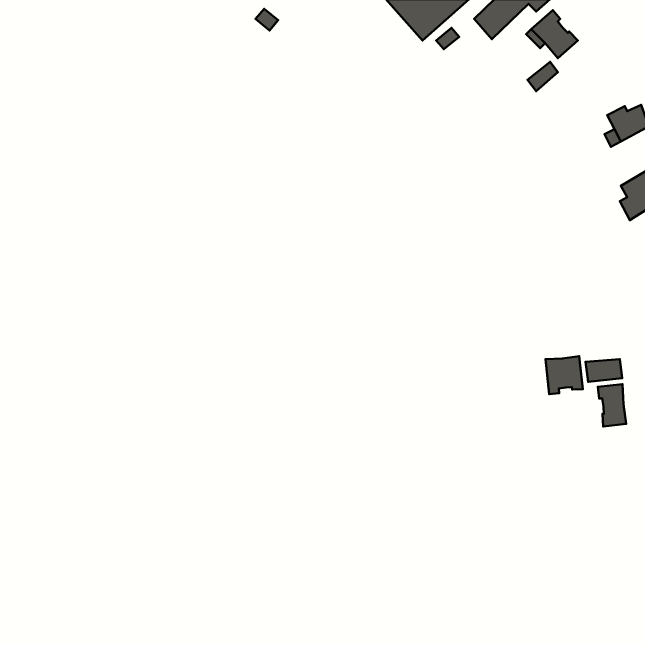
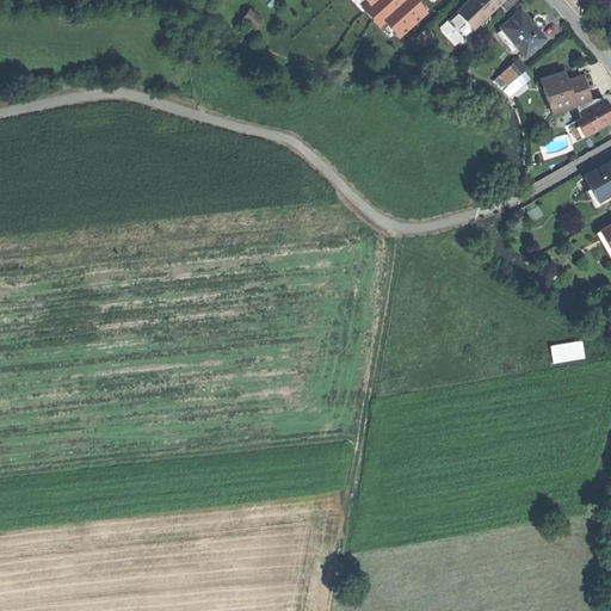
building: none -> [539,72,590,112]
building: [545,356,583,394] -> none
building: [598,384,626,426] -> none

